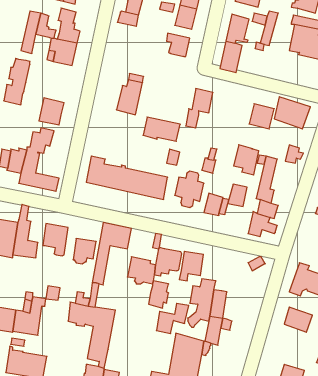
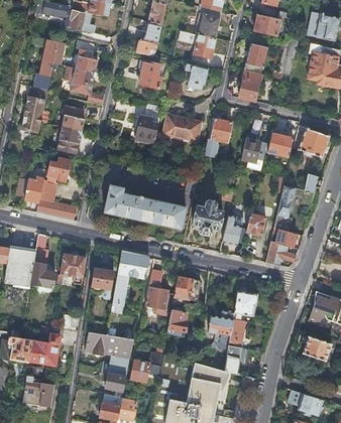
building: none -> [138,60,161,90]
building: none -> [62,106,85,132]
building: [143,117,180,141] -> [163,116,201,140]
building: [234,145,259,175] -> [241,138,266,168]
building: [179,251,203,281] -> [232,291,256,320]
building: [156,303,189,334] -> [131,352,163,383]

